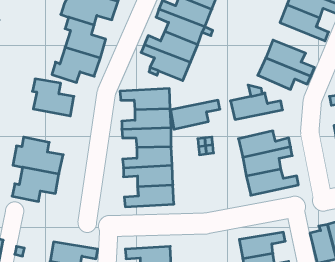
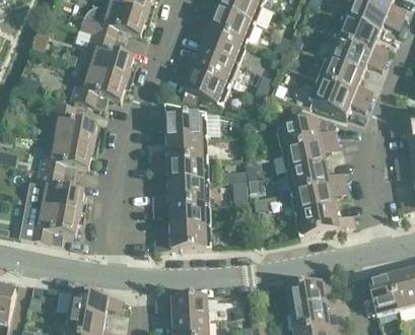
building: none -> [326,37,386,72]
building: [170,100,220,129] -> [282,137,339,171]
building: none -> [40,136,93,175]

